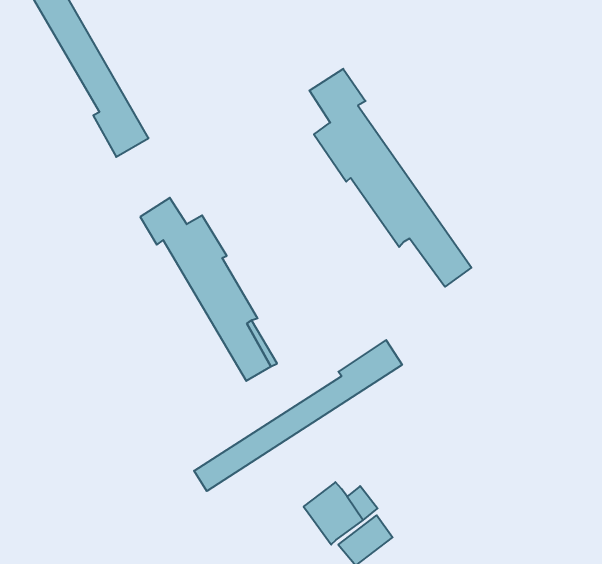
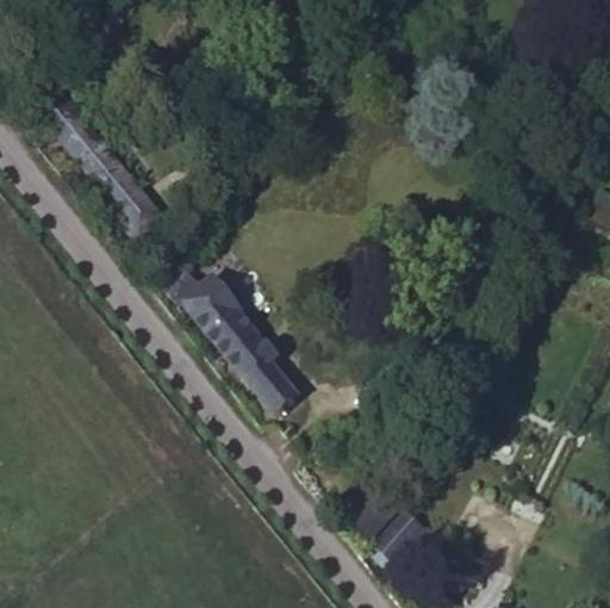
building: [309,69,471,287] -> none
building: [194,340,402,491] -> none

